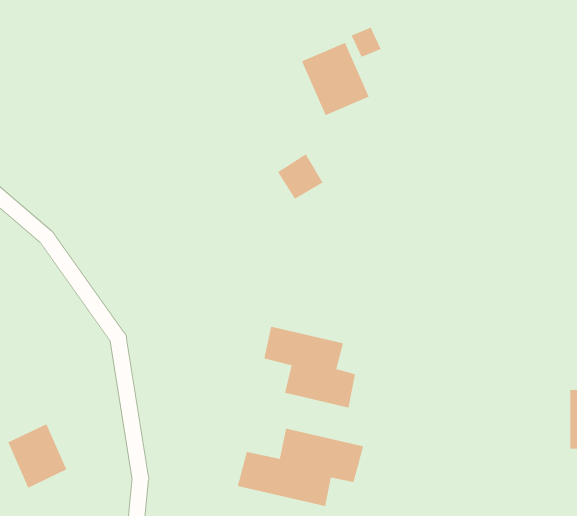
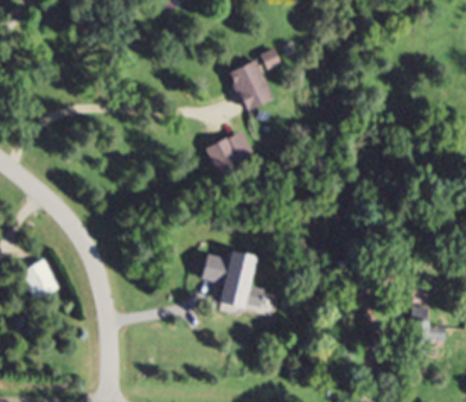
building: [7,423,67,488] -> [24,256,65,301]
building: [237,428,364,507] -> none

